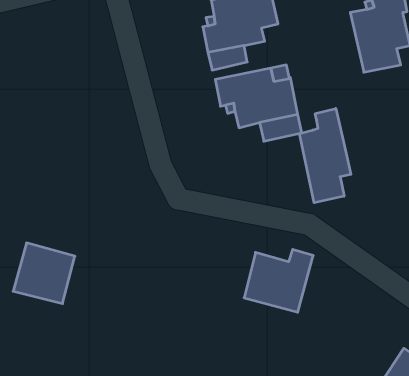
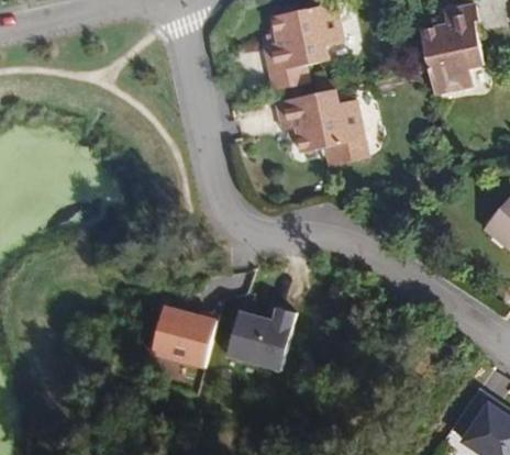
building: [299,108,351,203] -> none
building: [13,243,75,304] -> [152,304,218,369]
building: [244,249,313,312] -> [226,307,300,374]

